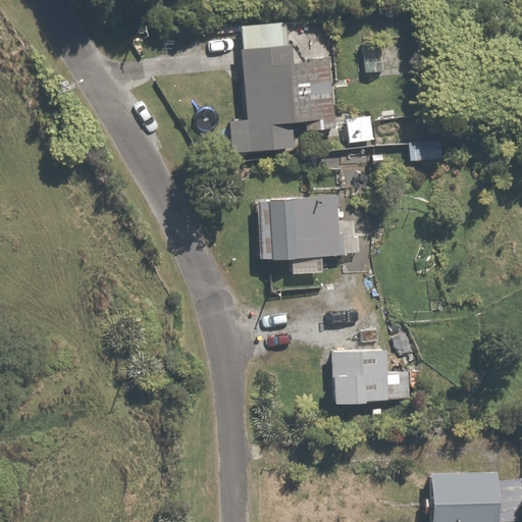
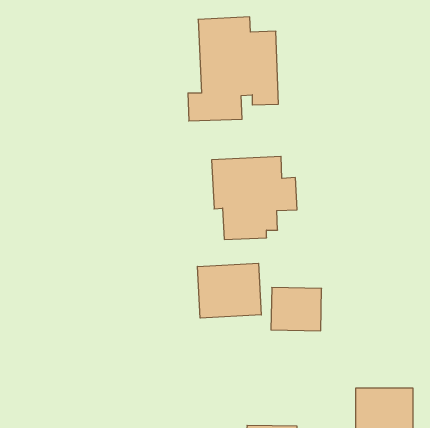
building: none -> [197,263,261,318]

